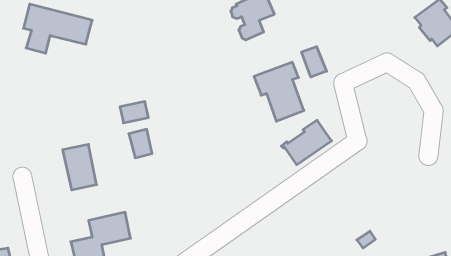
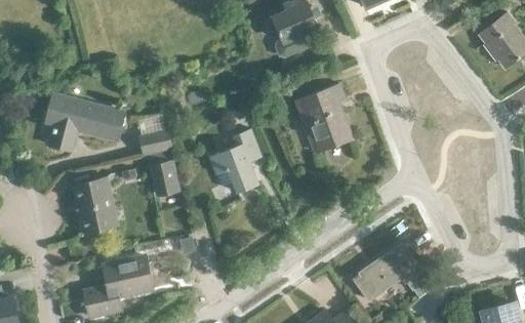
building: [23,4,92,53] -> [46,92,125,149]
building: [302,47,327,77] -> none
building: none -> [209,128,261,193]
building: [281,120,332,165] -> [352,248,409,299]

